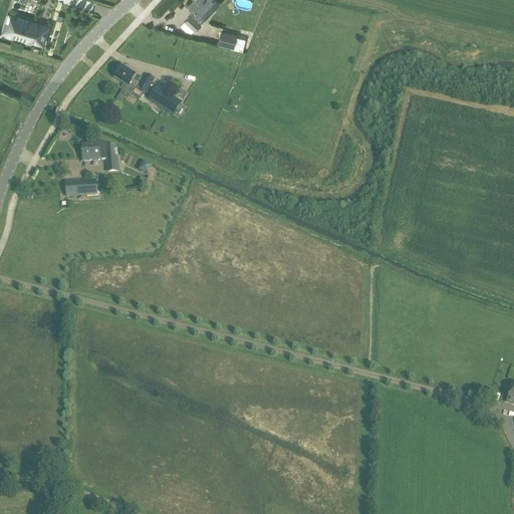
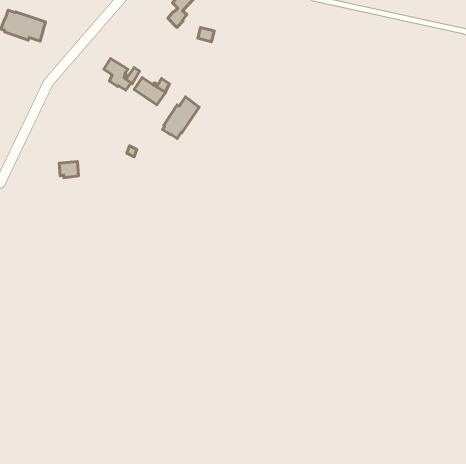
building: none -> [162,97,199,138]
building: [81,140,116,161] -> none

